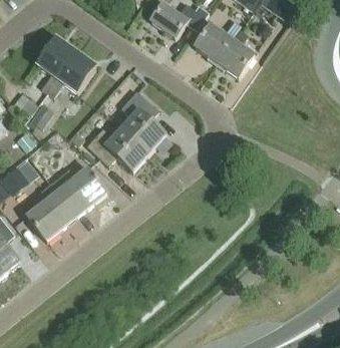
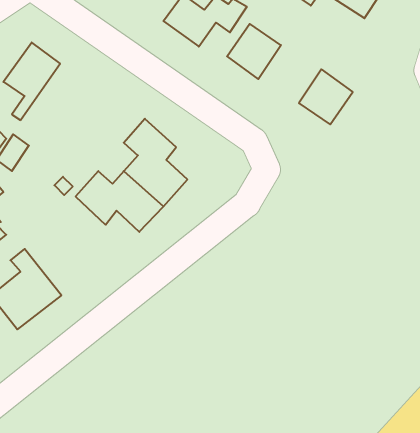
building: [217,39,255,78] -> [299,69,353,124]
building: [48,52,96,96] -> none
building: [51,167,107,217] -> none

